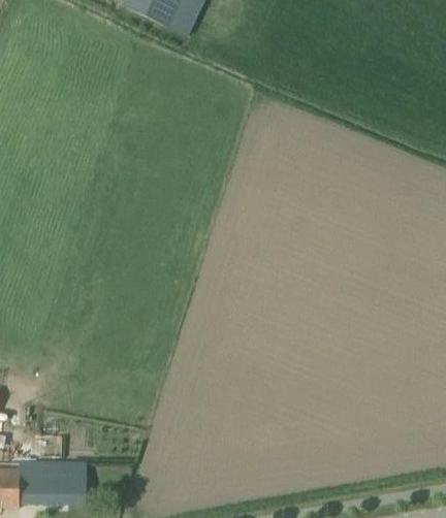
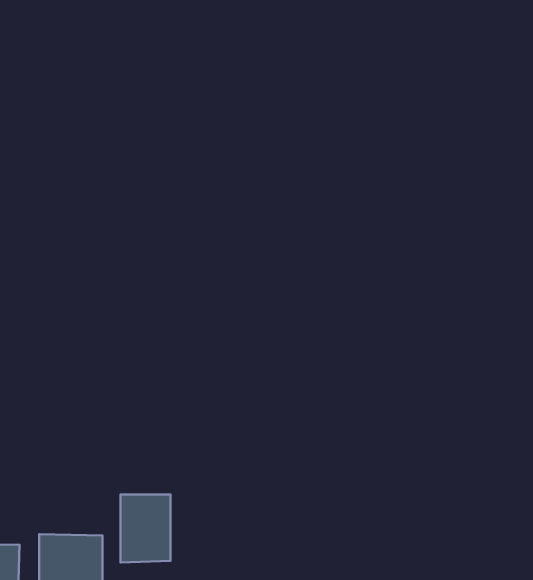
building: none -> [121,494,170,562]

